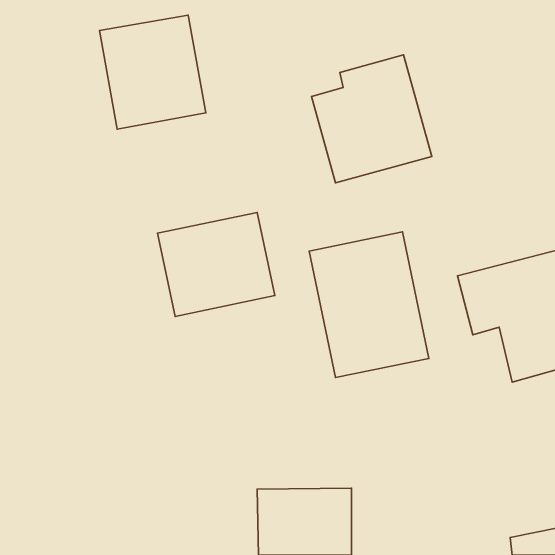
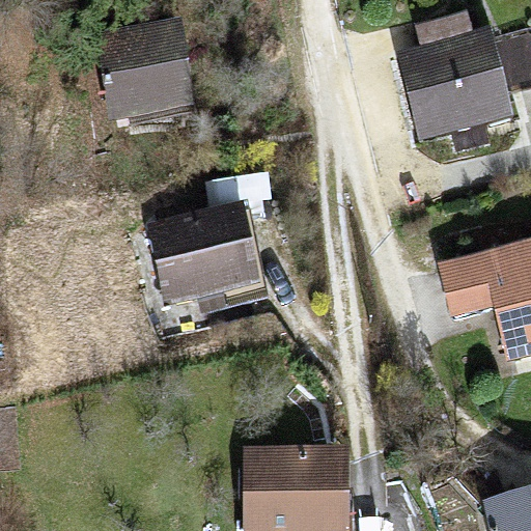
building: [311,55,432,183] -> [397,23,511,144]
building: [309,232,429,378] -> none

